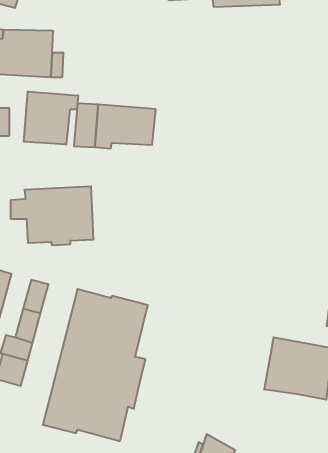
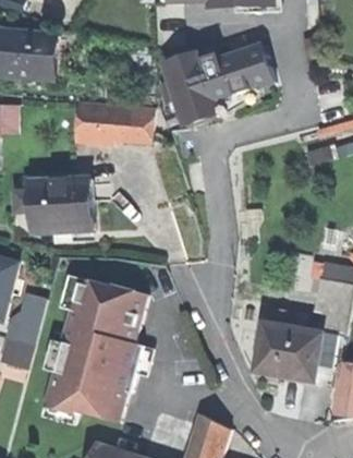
building: none -> [157,41,272,126]
building: [24,91,78,145] -> none

